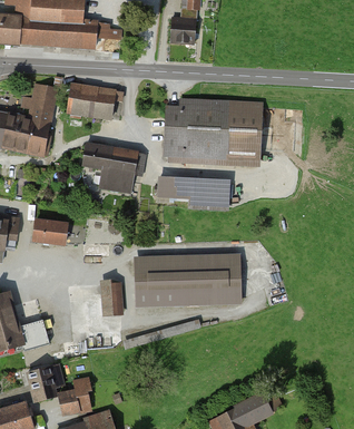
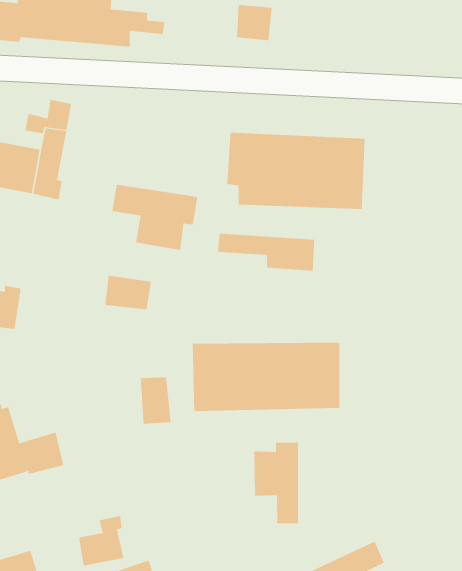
building: [67,85,121,118] -> none
building: [32,220,66,244] -> [105,275,152,310]
building: none -> [254,442,298,524]
building: [27,364,61,401] -> none

